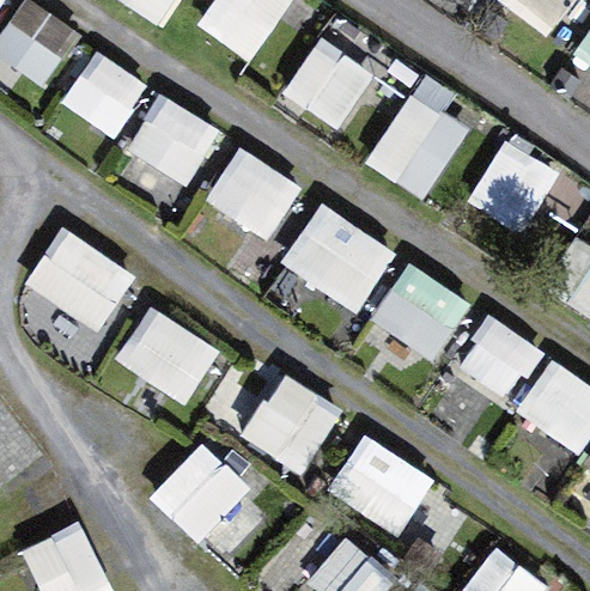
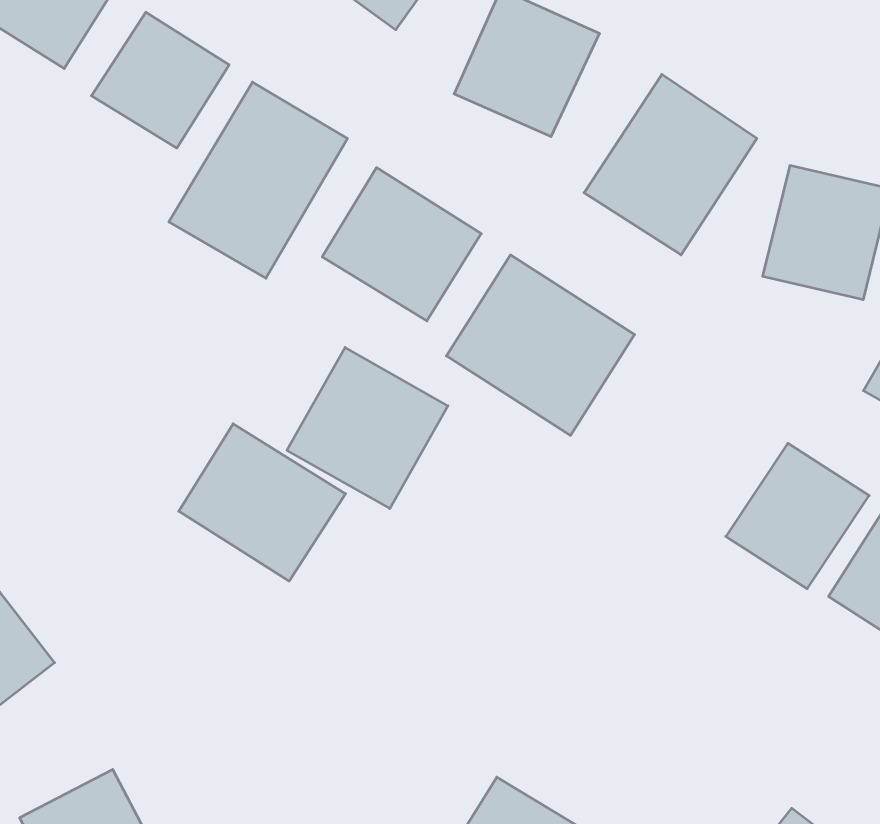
building: [13,231,133,360] -> none
building: [363,266,473,379] -> none
building: [239,372,339,471] -> [287,347,448,509]
building: [330,434,440,535] -> none
building: [147,440,250,543] -> none

